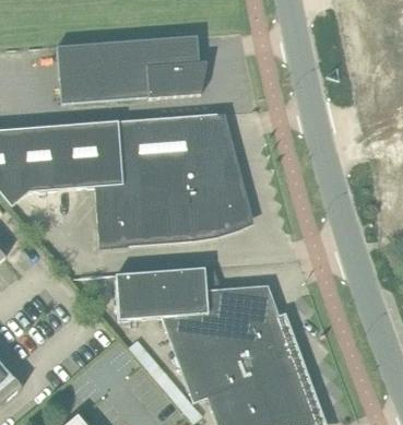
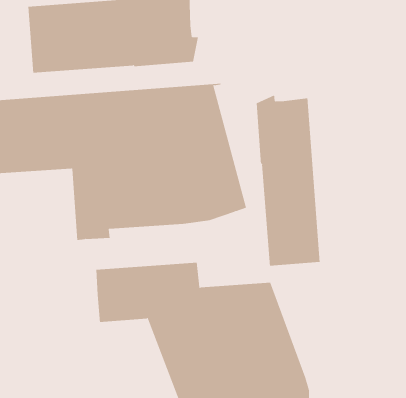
building: none -> [256,94,320,267]

